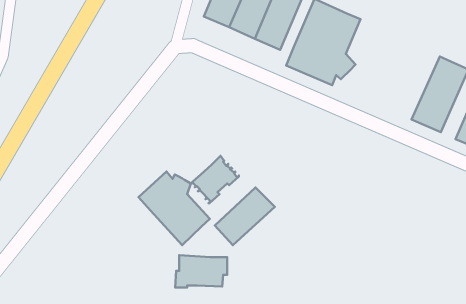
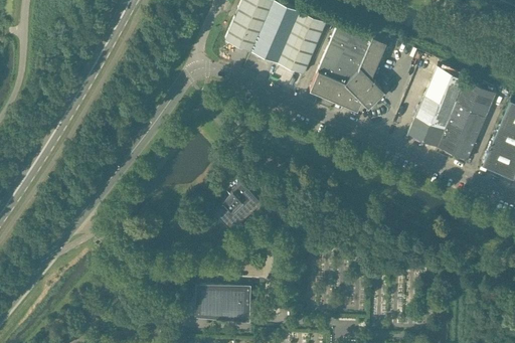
building: none -> [408,69,467,147]
building: [138,172,210,245] -> none
building: [215,187,275,245] -> none

